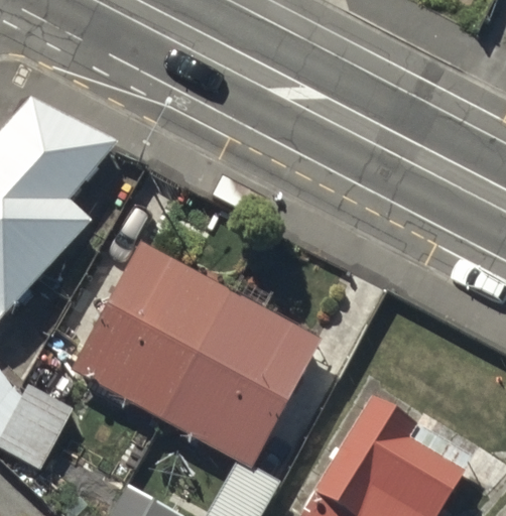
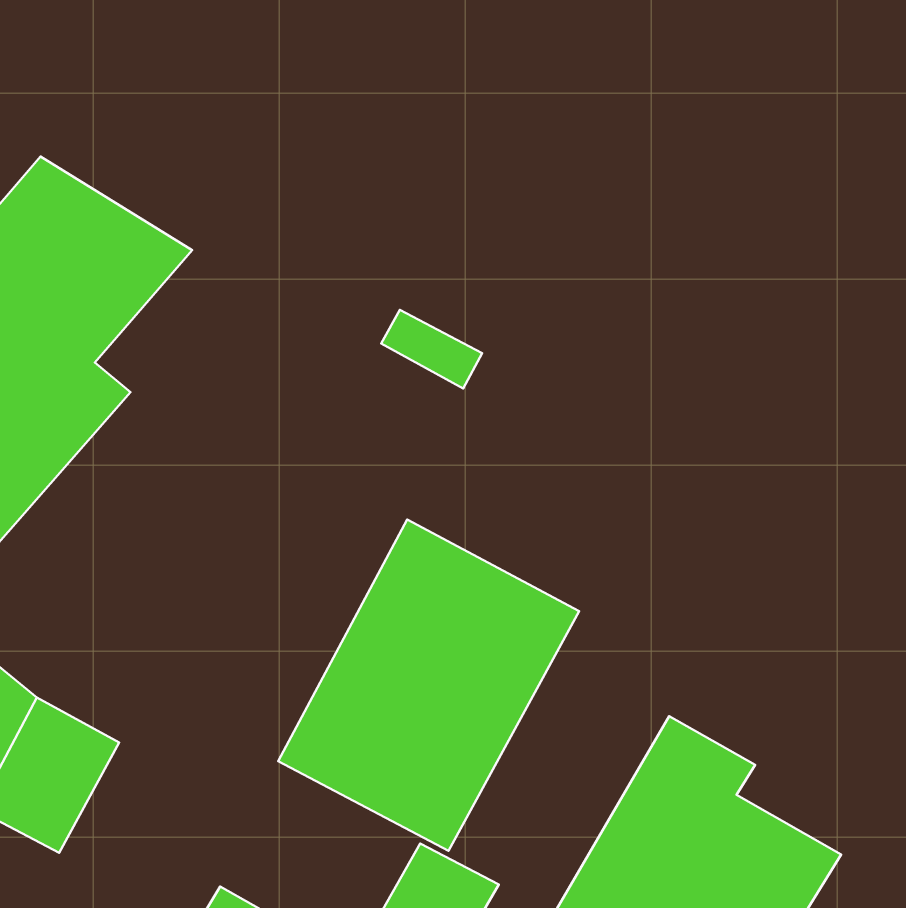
building: [70,242,229,420] -> none

